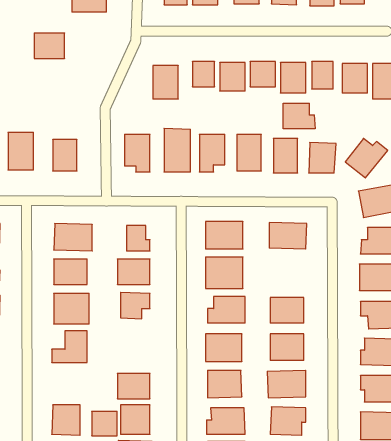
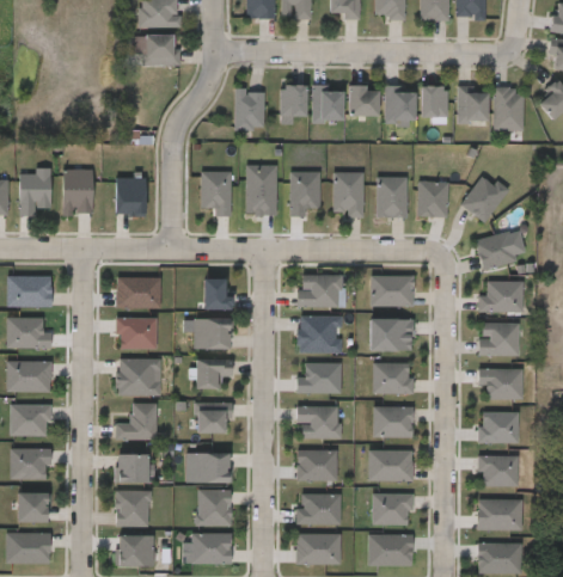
building: [34,33,65,58] -> [143,35,179,65]
building: [283,103,315,129] -> none
building: none -> [369,318,411,350]
building: none -> [197,403,231,431]
building: [92,411,117,436] -> [118,453,148,481]

